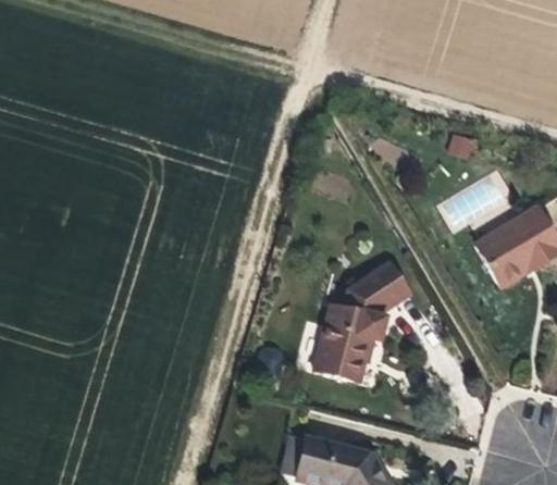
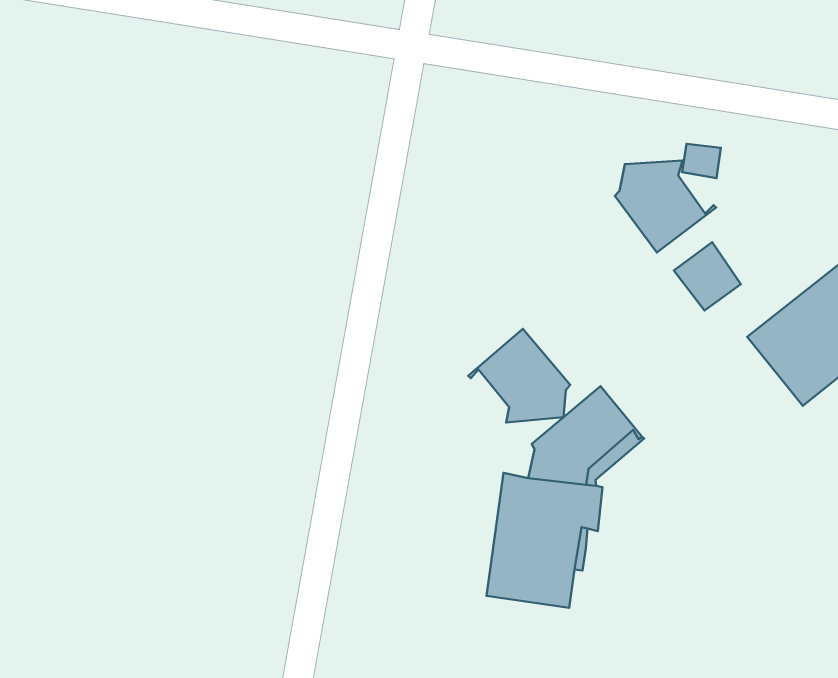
building: none -> [615,160,716,252]
building: none -> [468,329,570,423]

